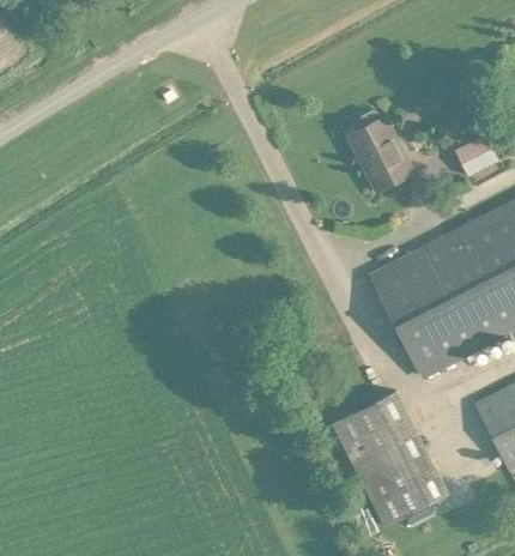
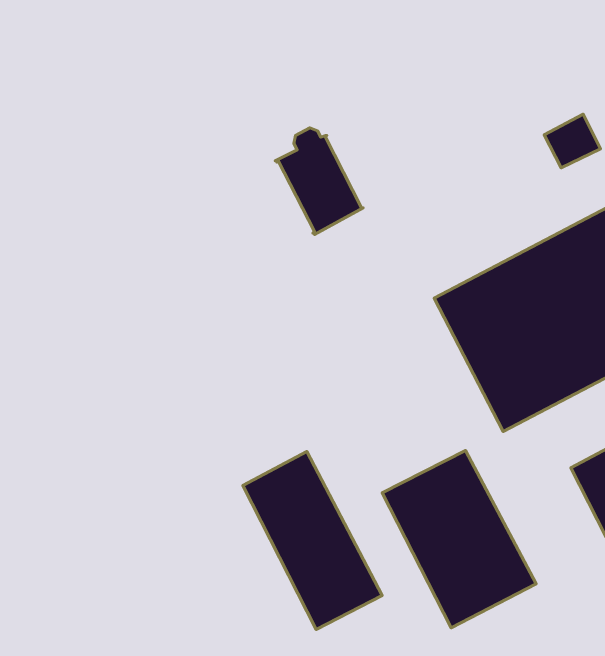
building: [344,110,411,192] -> [275,128,363,235]
building: none -> [243,452,382,630]

